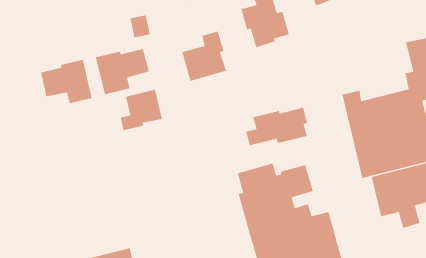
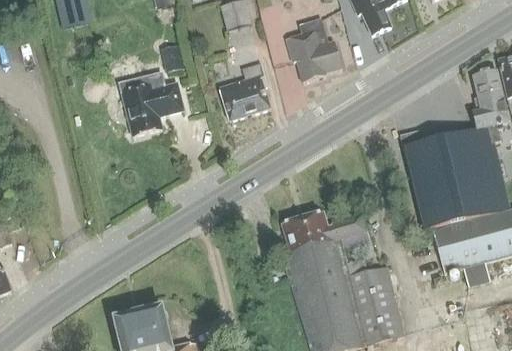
building: [40,59,93,104] -> none
building: [120,89,163,131] -> none
building: [245,107,308,146] -> none

